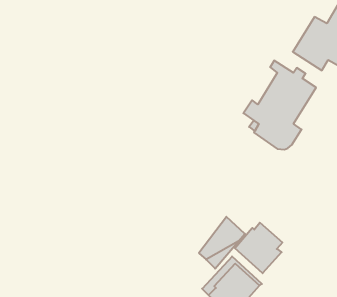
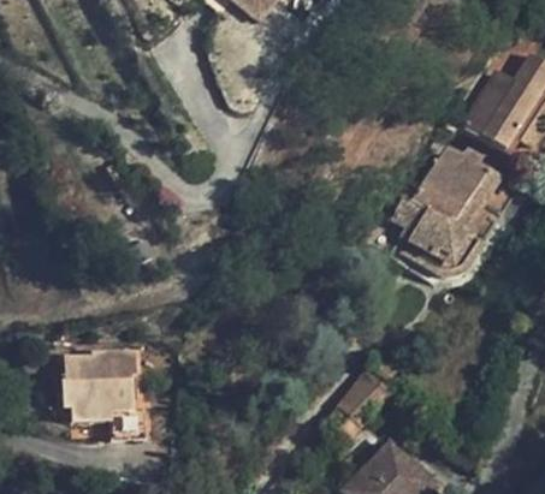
building: none -> [51,355,137,442]
building: [235,223,282,273] -> none

